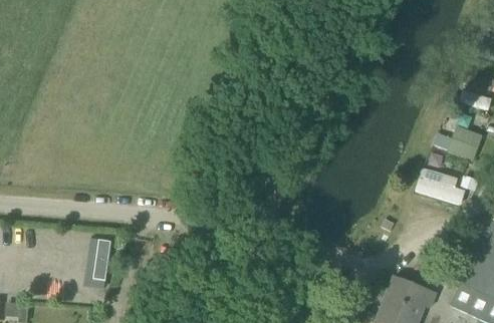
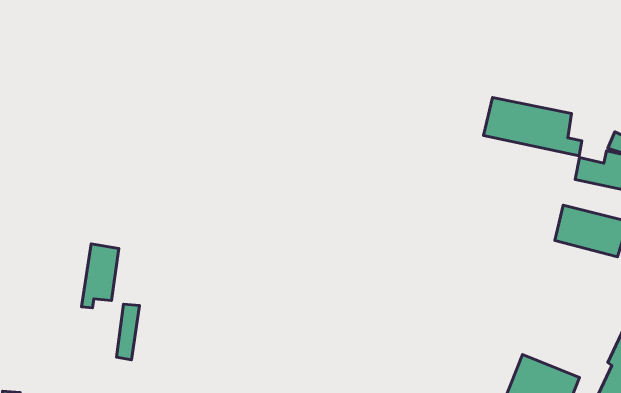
building: none -> [484,97,582,156]
building: none -> [82,244,119,308]

